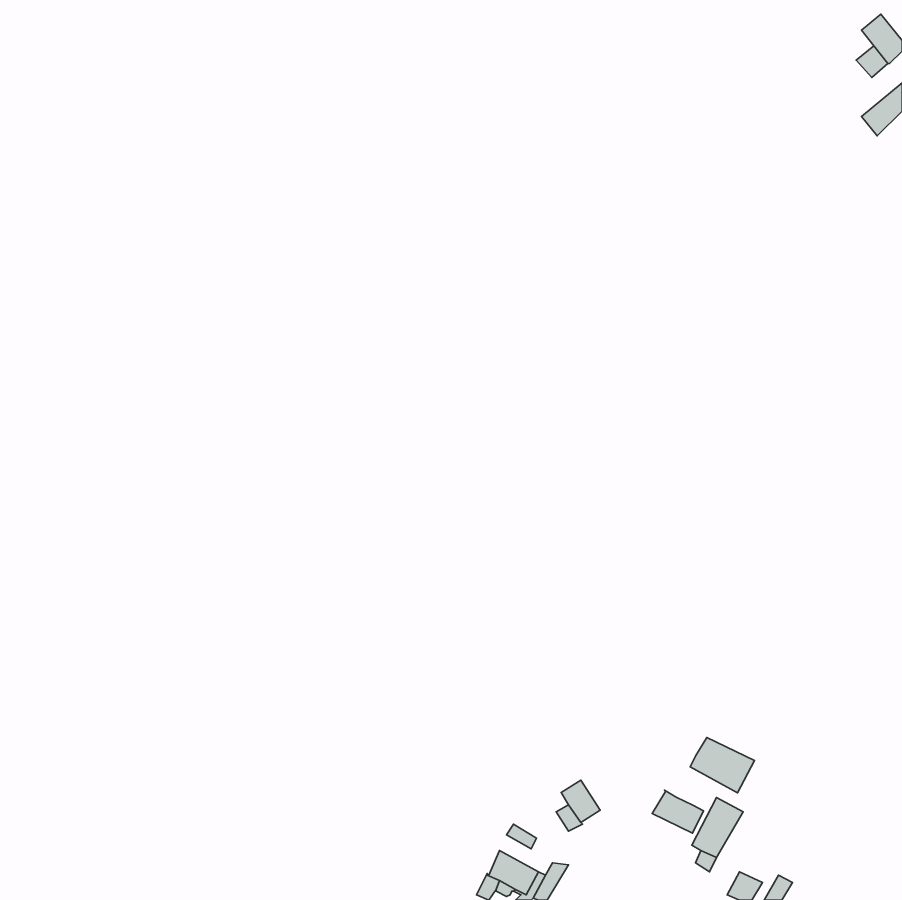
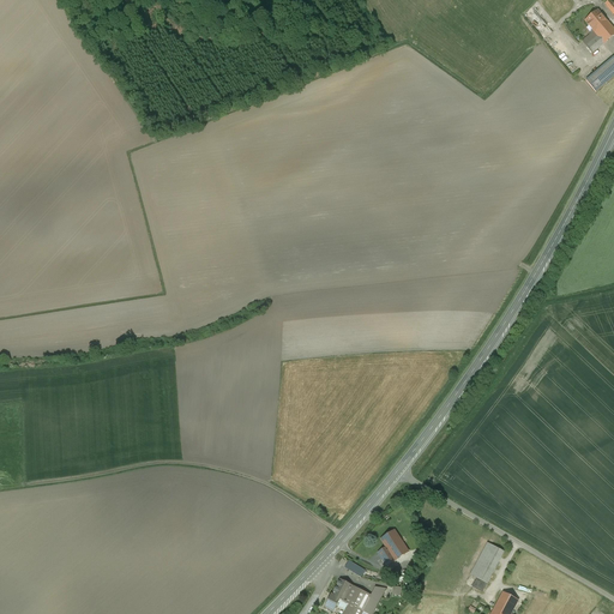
building: [690,738,755,793] -> none
building: [652,790,703,833] -> none

